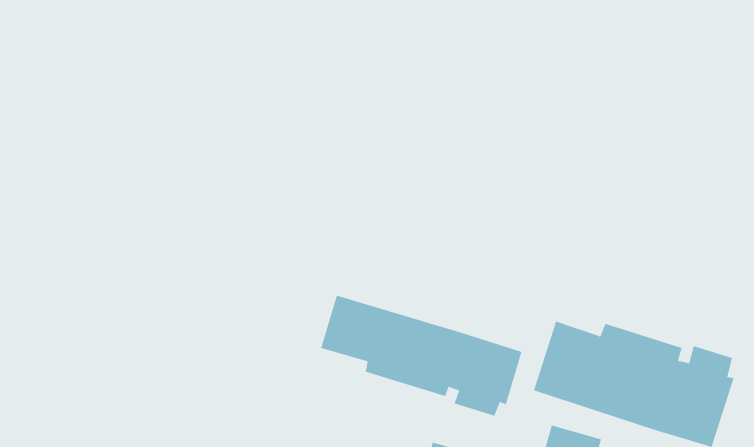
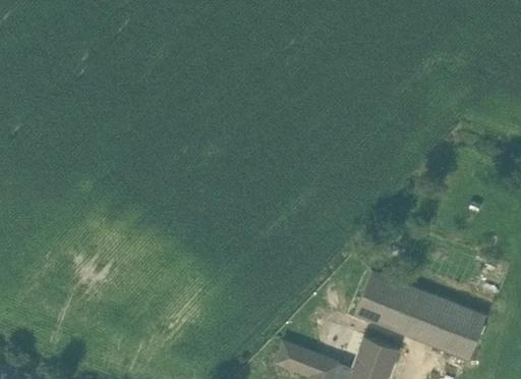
building: [320,295,522,417] -> none

